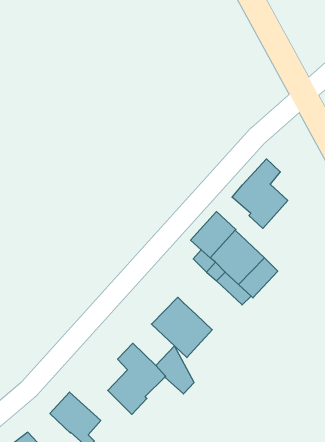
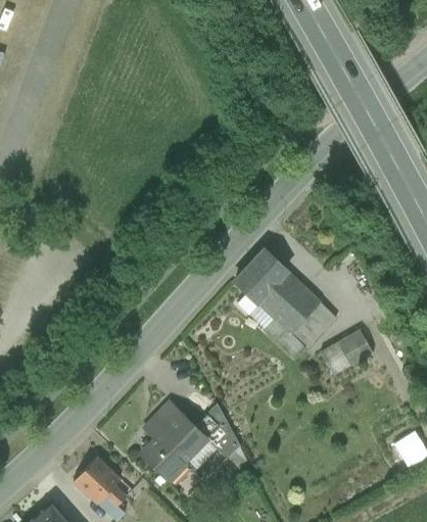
building: [232,159,288,228] -> none
building: none -> [321,329,374,375]
building: [151,297,212,358] -> none

